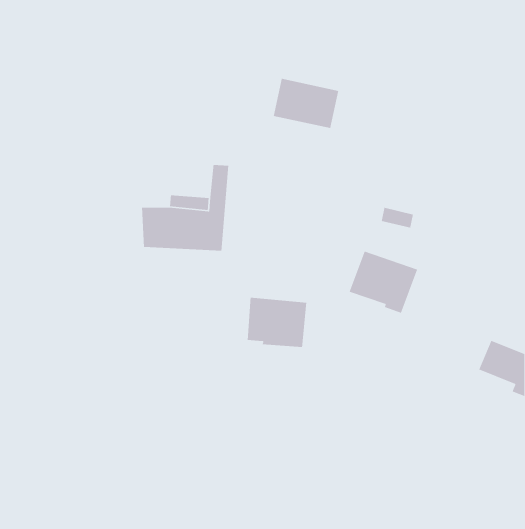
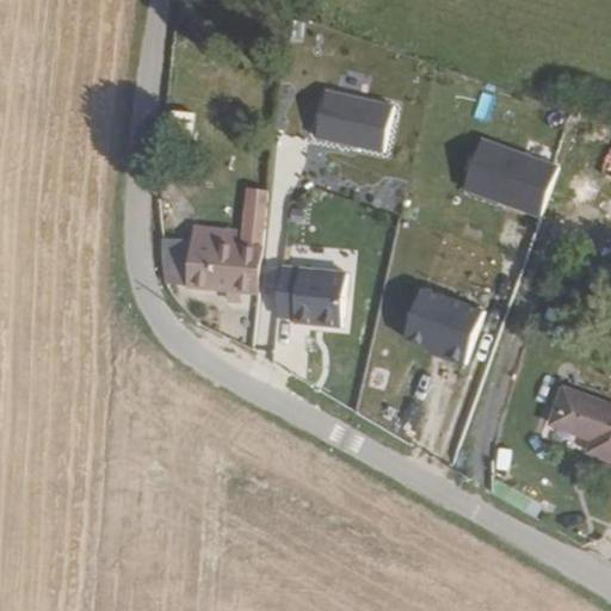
building: none -> [462,138,557,214]
building: [247,297,307,348] -> [276,267,345,326]

